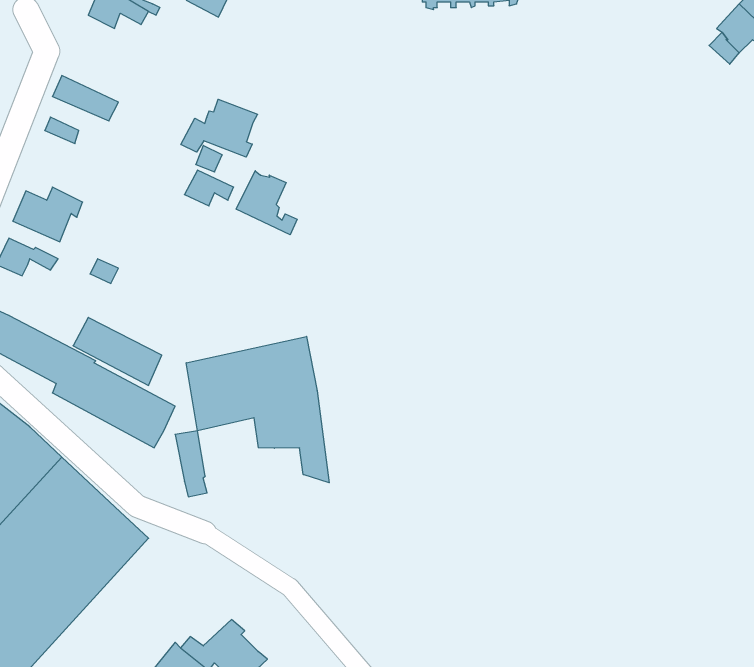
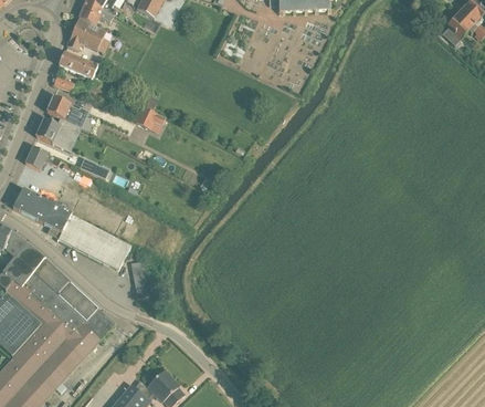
building: none -> [66,18,110,53]
building: [181,99,258,157] -> none
building: none -> [46,96,84,127]
building: [236,171,297,235] -> none
building: [186,336,329,483] -> none

